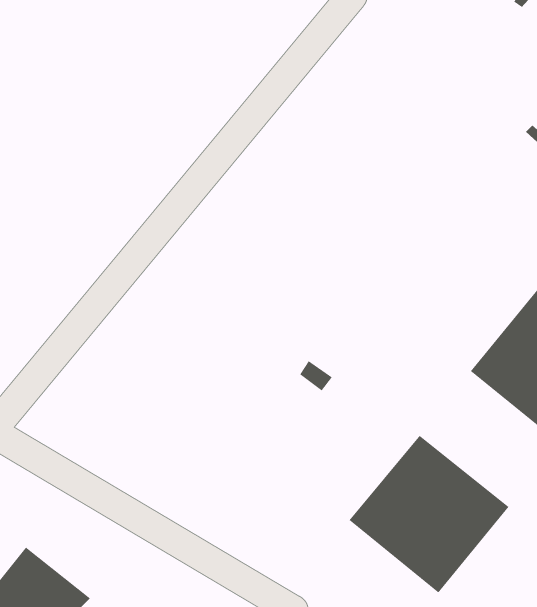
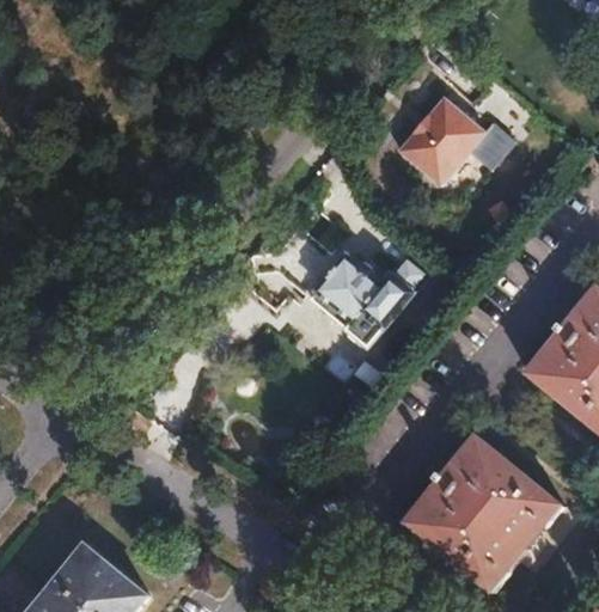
building: none -> [399,100,514,186]
building: none -> [310,256,430,348]

